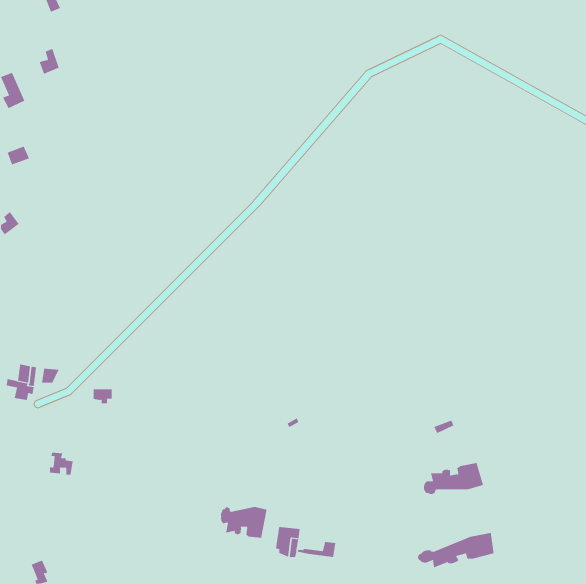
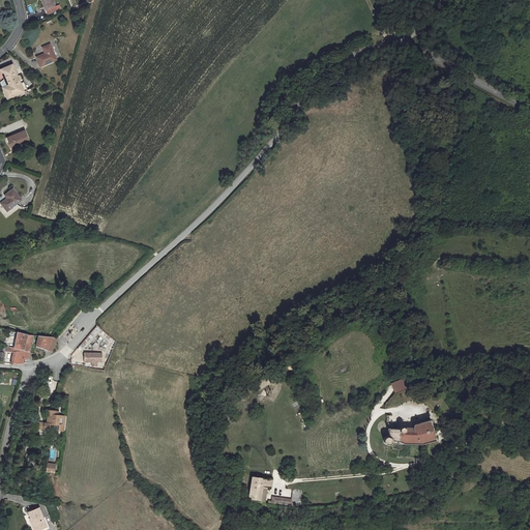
building: [221,506,267,538] -> none
building: [417,532,494,568] -> none

